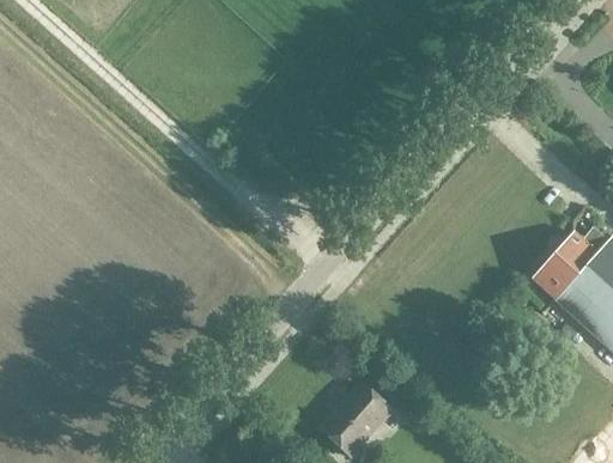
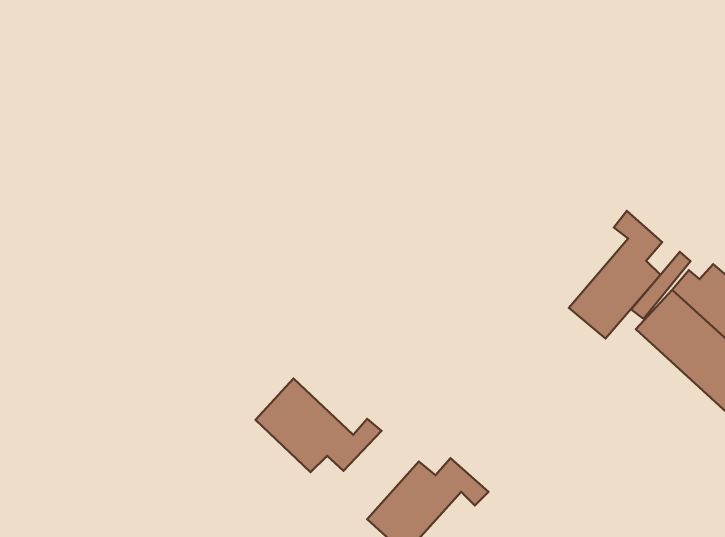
building: none -> [569,211,662,339]
building: none -> [255,379,382,472]

